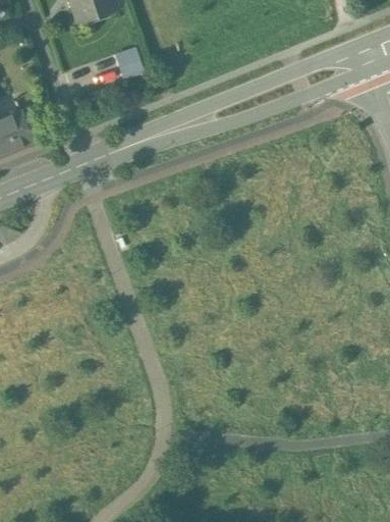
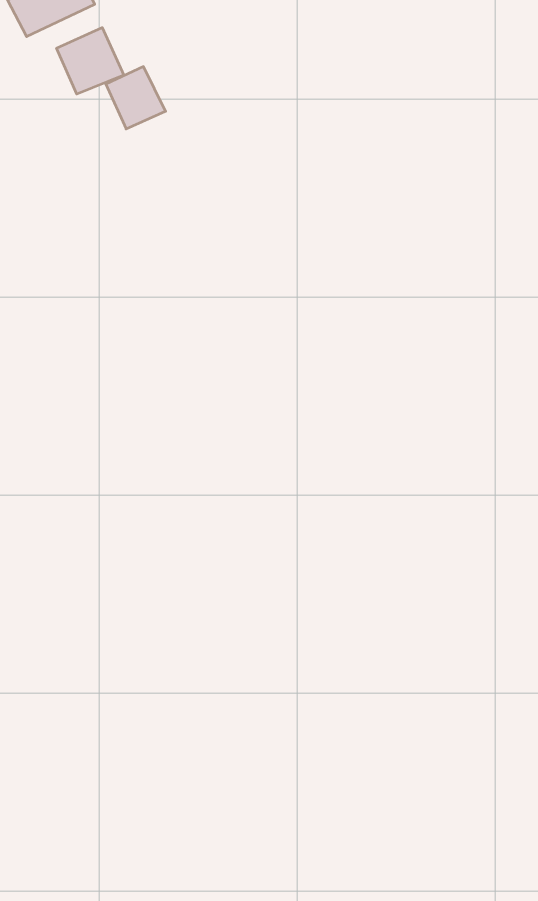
building: none -> [57,28,124,94]

